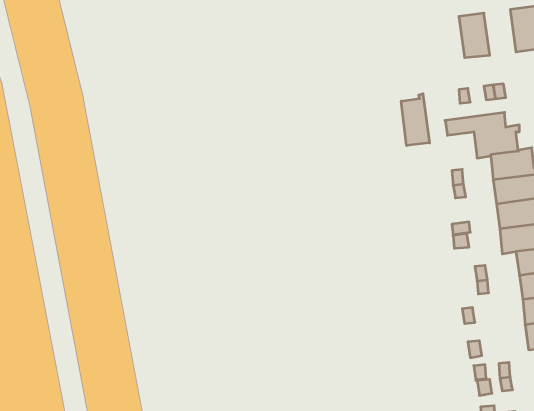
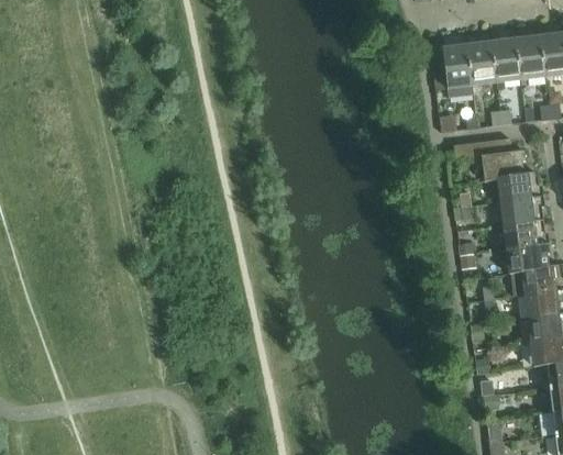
building: none -> [489,38,520,82]
building: none -> [441,45,471,88]
building: [401,94,430,146] -> none

